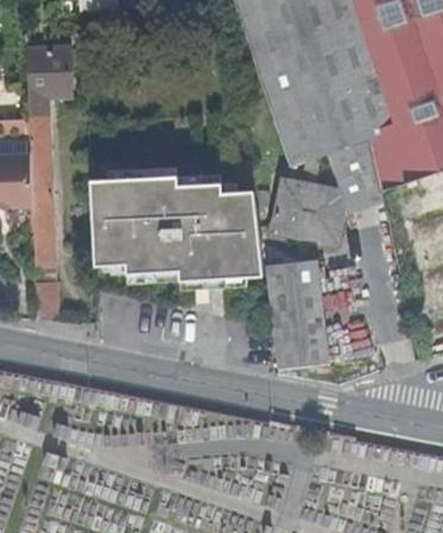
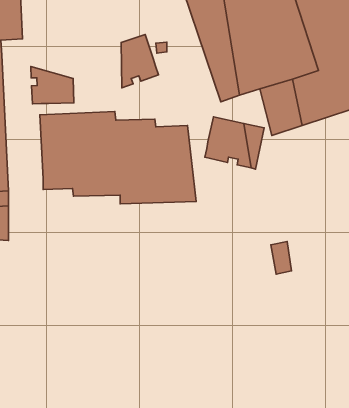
building: none -> [121,34,159,88]
building: none -> [31,67,74,104]
building: [267,256,328,367] -> none

